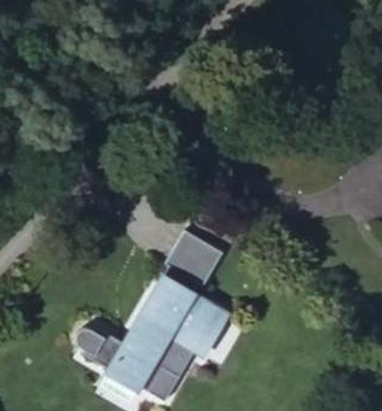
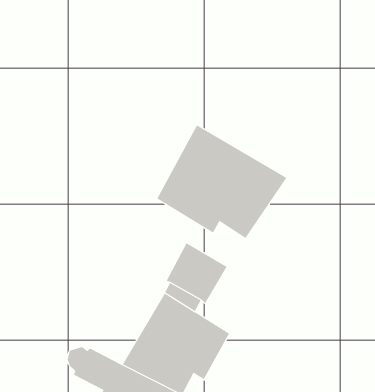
building: none -> [157,125,287,239]

